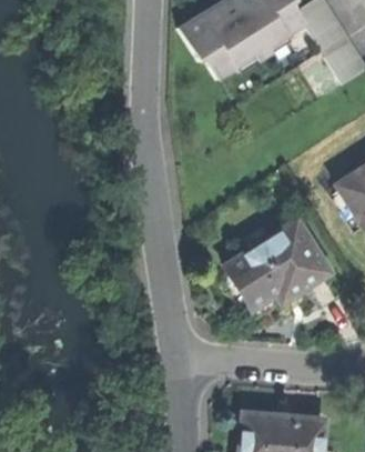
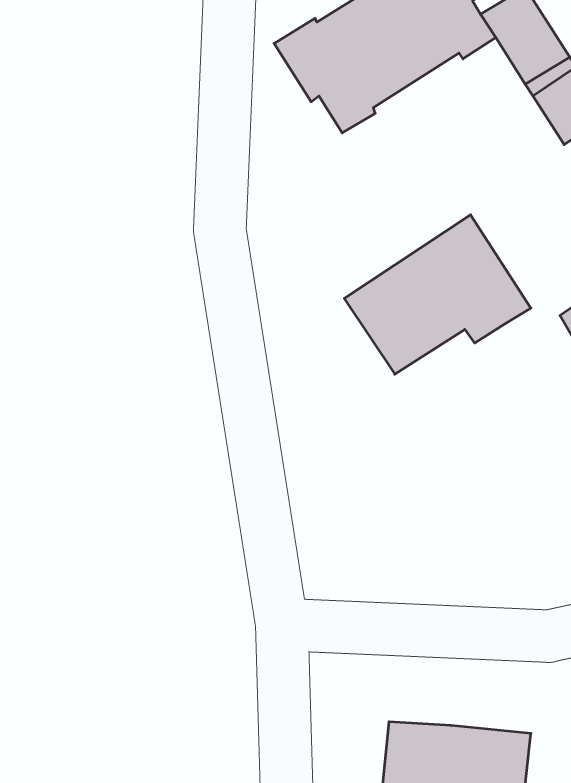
building: [225,218,332,309] -> [344,215,531,374]

